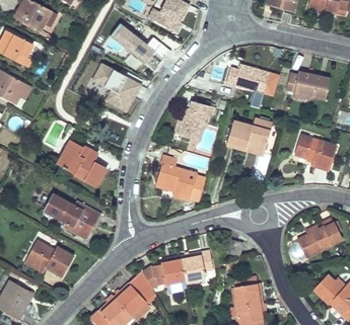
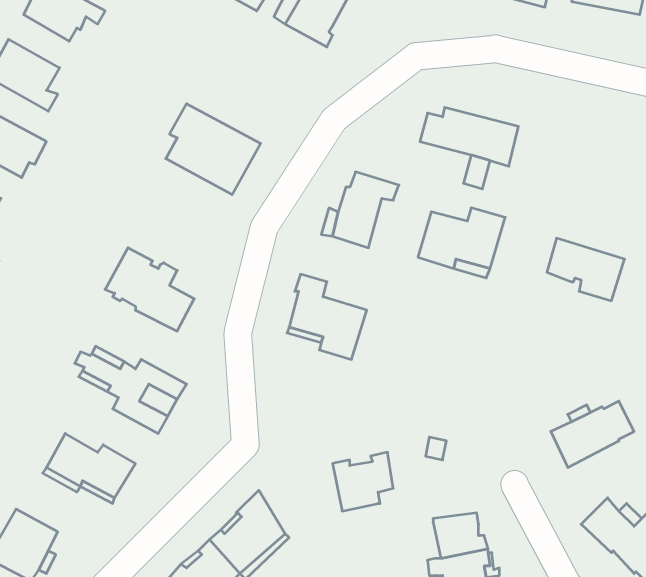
building: [110,23,170,71] -> none
building: [292,72,330,100] -> none
building: [160,256,185,285] -> none

